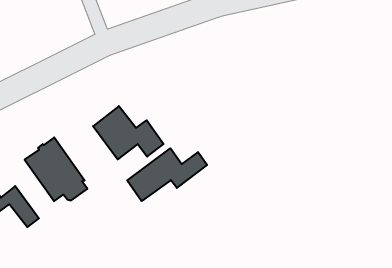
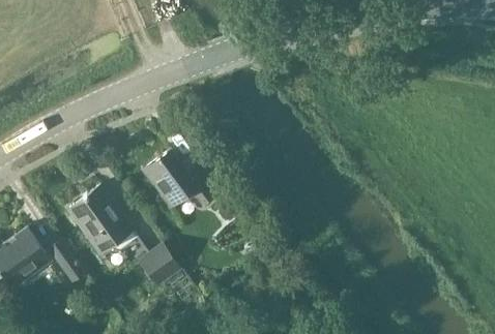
building: [127,148,207,201] -> none
building: none -> [140,245,180,285]

